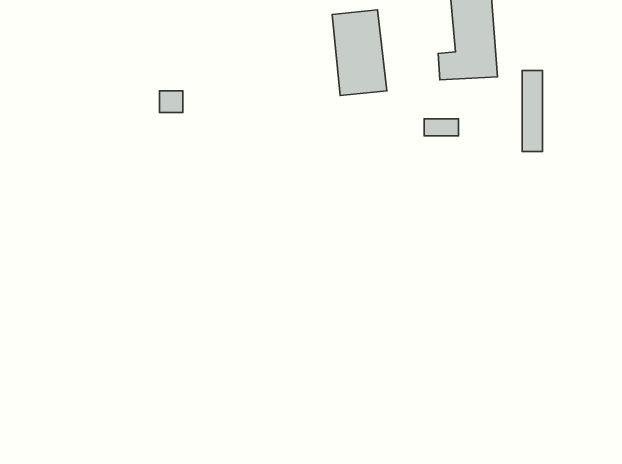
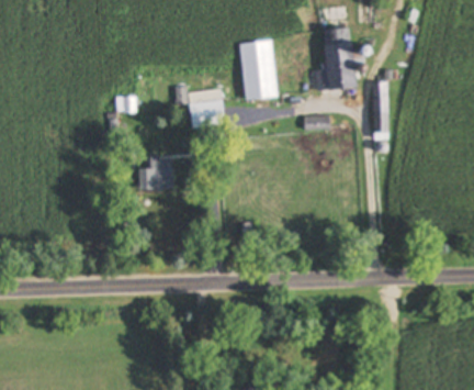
building: none -> [174,89,223,127]
building: none -> [139,156,172,188]

